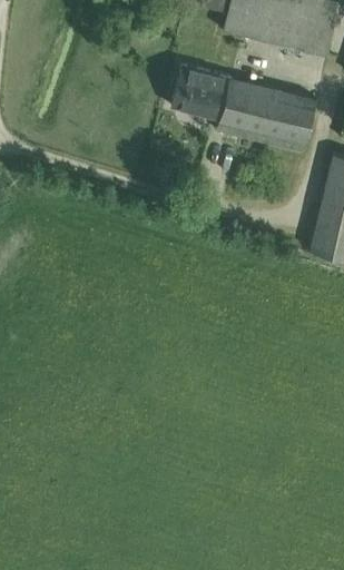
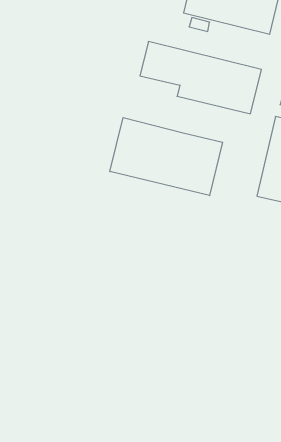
building: none -> [110,118,223,196]

